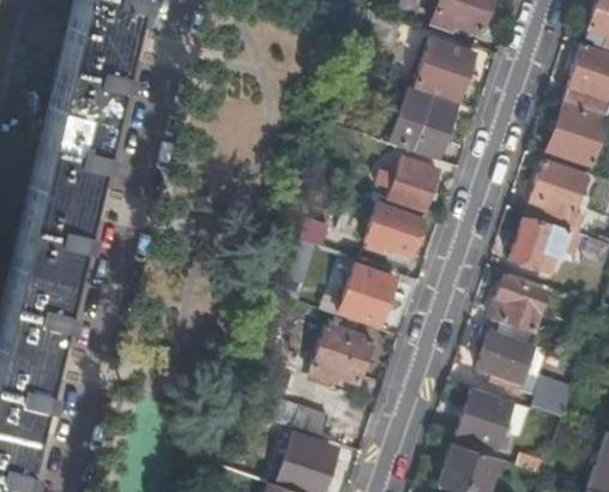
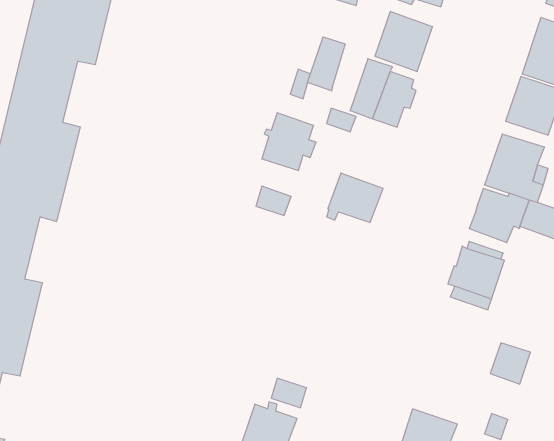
building: none -> [308,37,345,91]
building: [386,156,441,215] -> [262,113,316,170]
building: [338,263,396,326] -> none
building: [312,324,373,383] -> none
building: [476,332,548,394] -> none
building: [456,388,512,448] -> none

